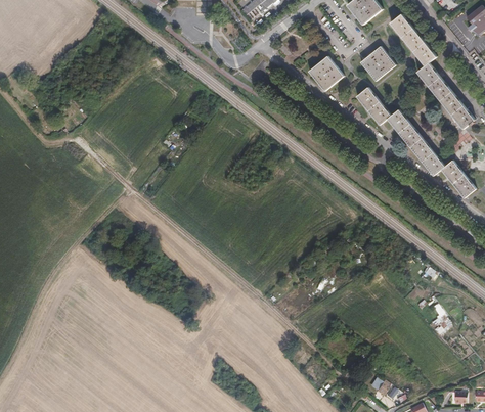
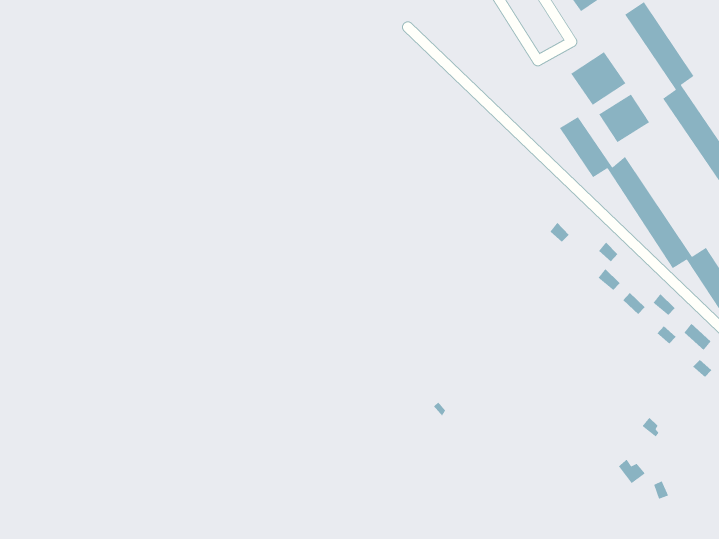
building: [309,55,344,90] -> none
building: none -> [598,94,650,143]

